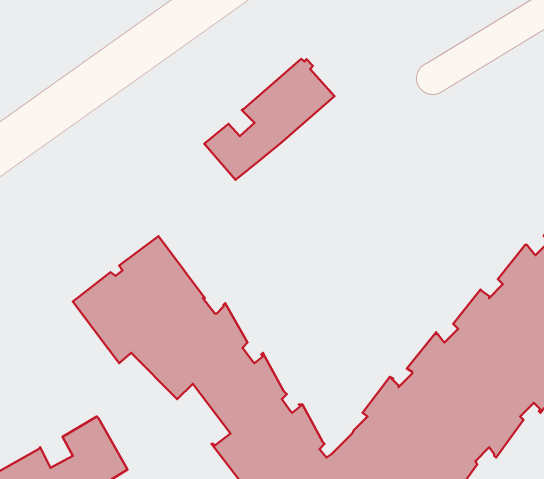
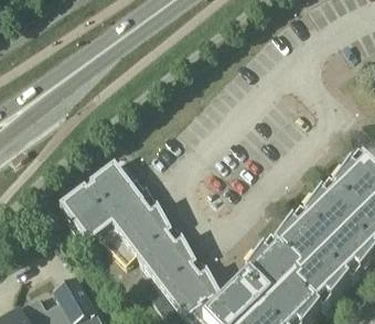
building: [205,59,334,180] -> none

